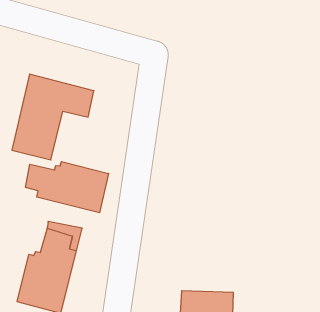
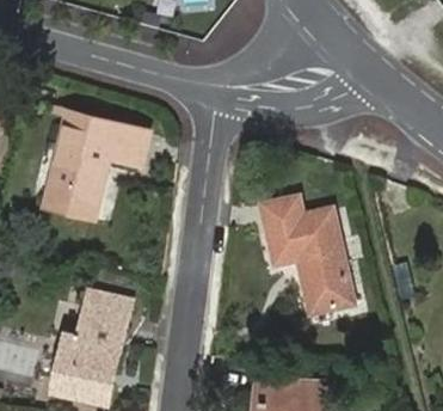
building: none -> [257,195,347,309]
building: [26,162,109,213] -> none

